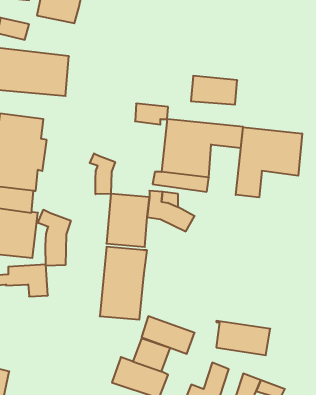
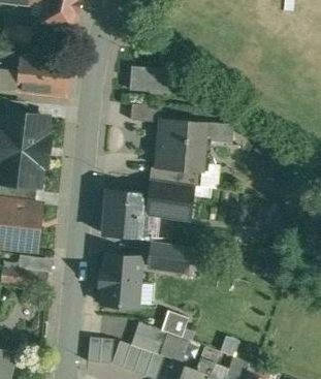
building: [191,76,237,105] -> [130,66,173,93]
building: [236,127,302,197] -> none
building: [90,153,115,194] -> none
building: [38,210,71,266] -> none
building: [216,321,270,355] -> [140,240,191,272]
building: none -> [158,334,188,362]
building: none -> [87,338,113,365]

